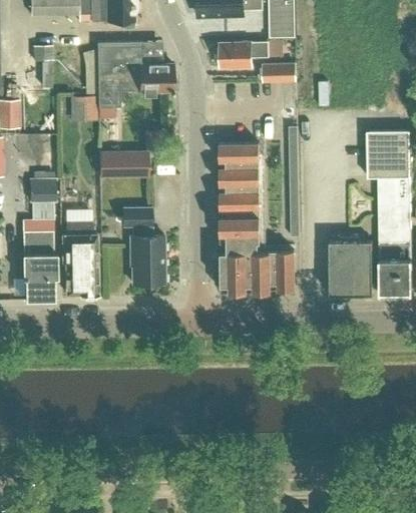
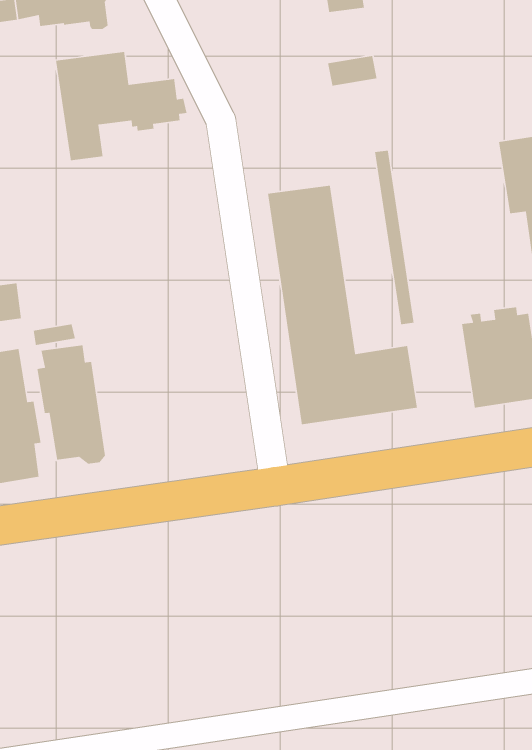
building: [219,41,269,67] -> none
building: [71,95,98,120] -> none
building: [99,150,148,176] -> none
building: [123,205,164,284] -> none

